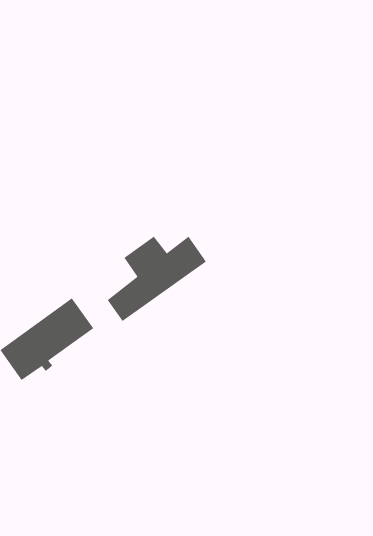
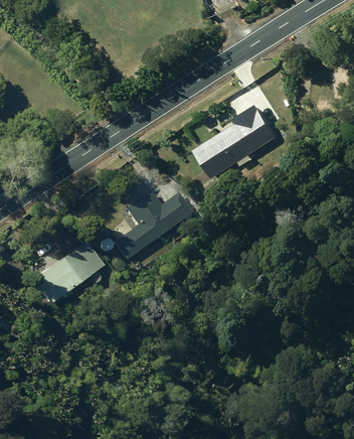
building: none -> [198,101,283,175]

